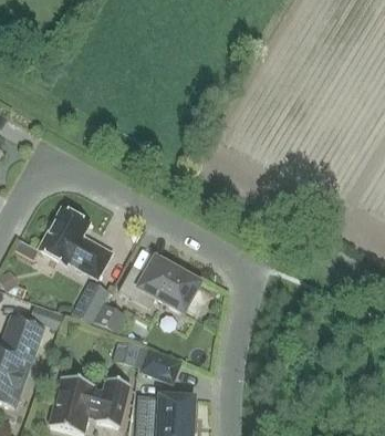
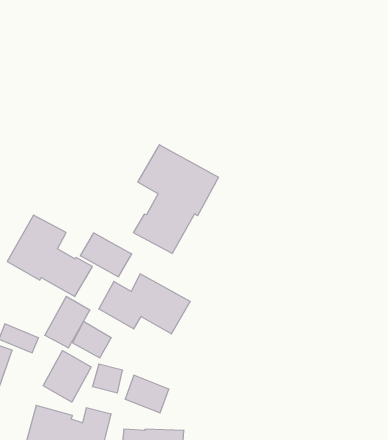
building: none -> [134,145,218,253]
building: none -> [80,233,132,277]
building: none -> [43,351,91,402]

